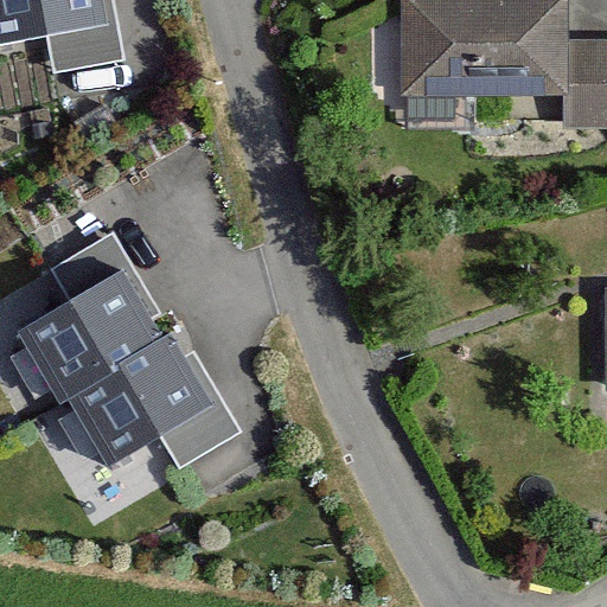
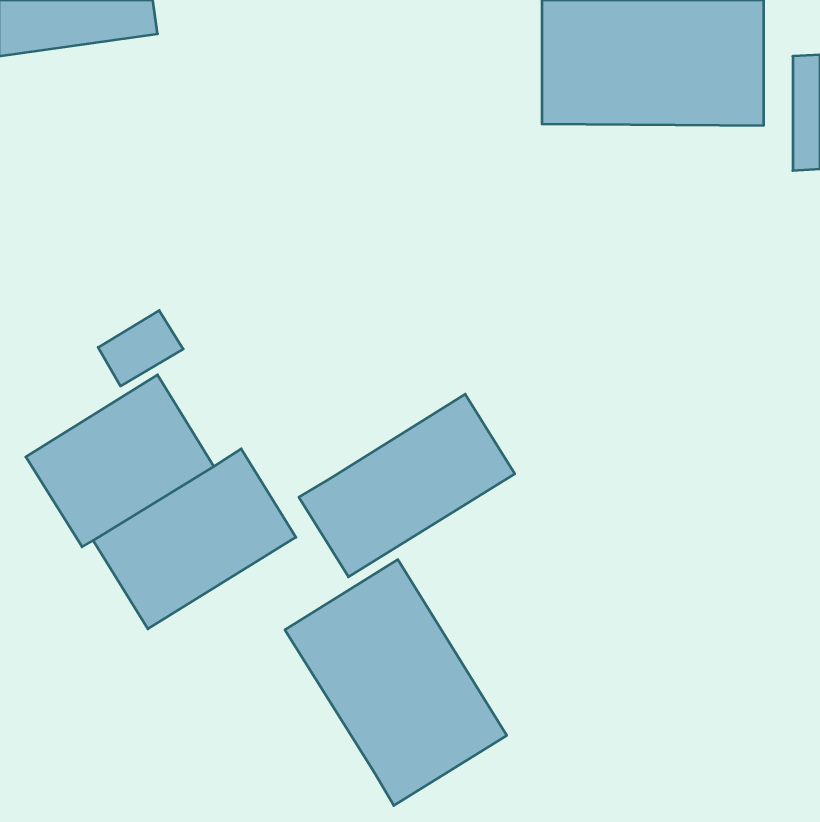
building: none -> [299,394,515,577]
building: none -> [285,560,507,806]

